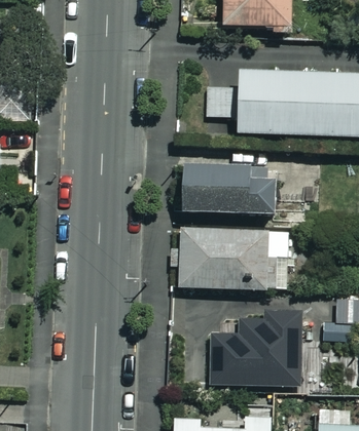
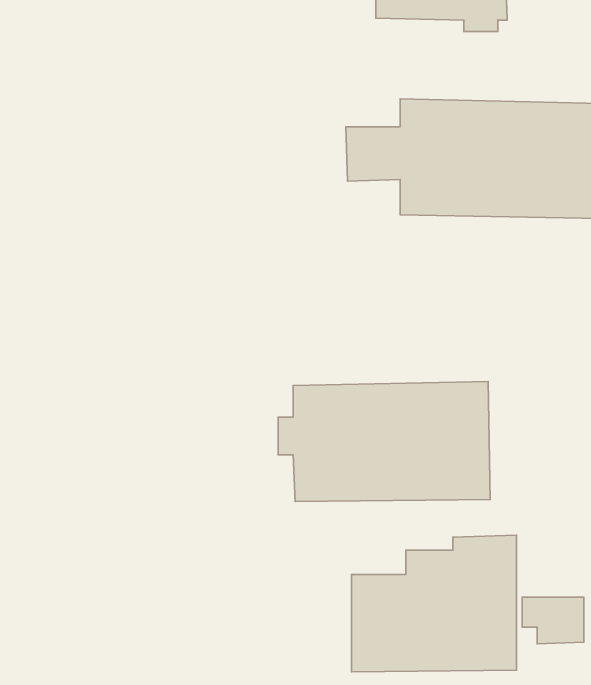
building: [181,163,304,220] -> none

